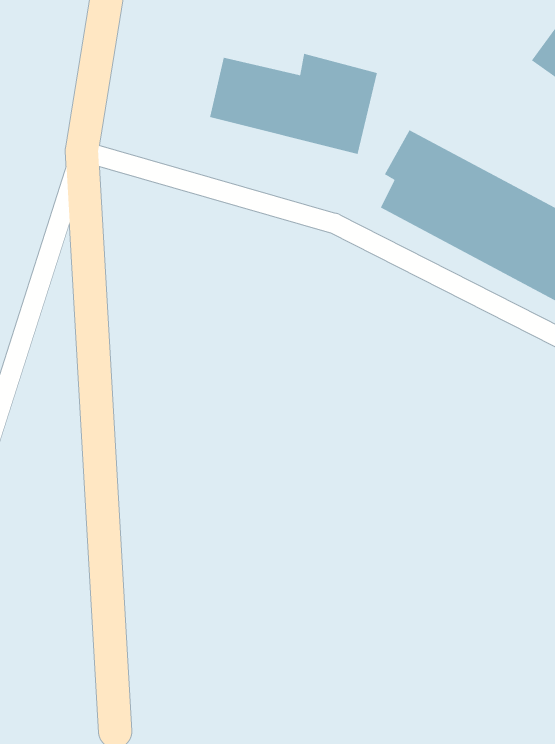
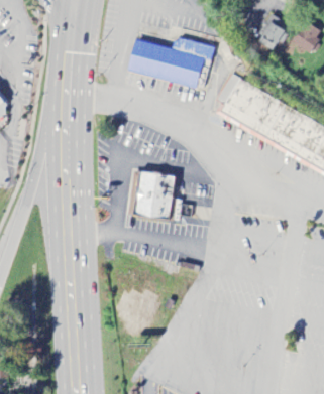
building: none -> [257,14,289,49]
building: none -> [133,170,182,220]

